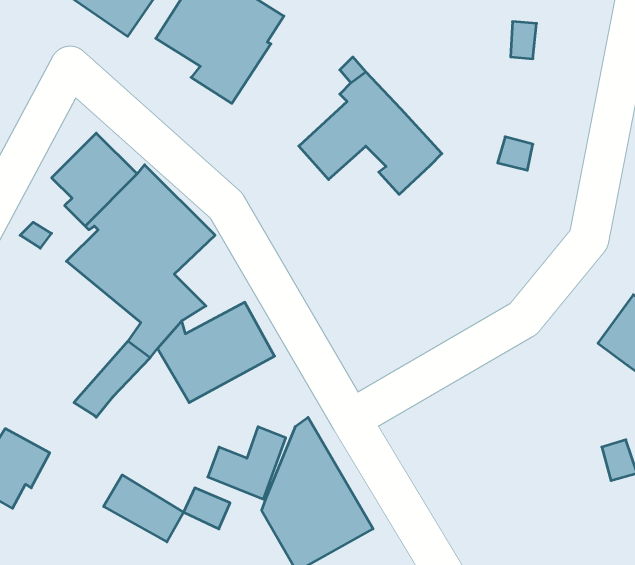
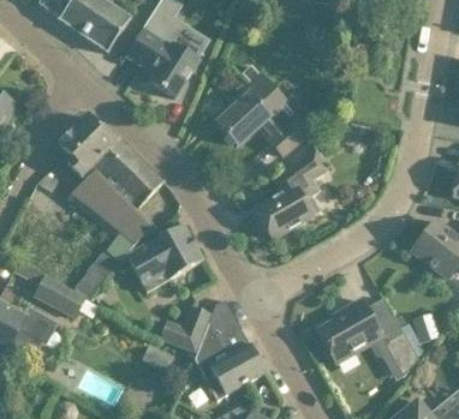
building: none -> [254,148,328,238]
building: none -> [317,297,418,376]
building: [104,475,184,542] -> [34,274,85,317]

